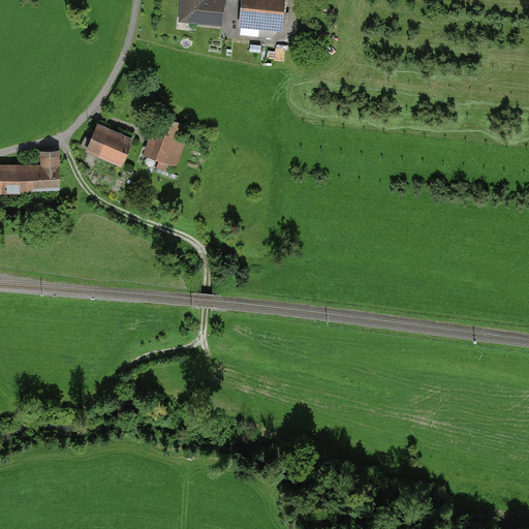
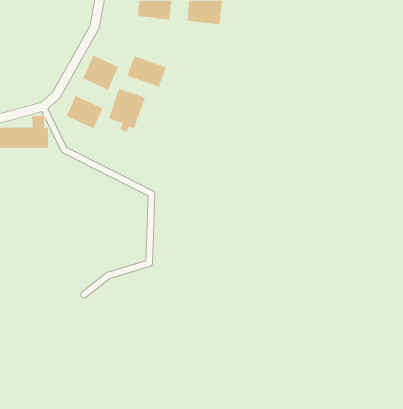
building: none -> [82,55,119,91]
building: none -> [127,55,166,88]

